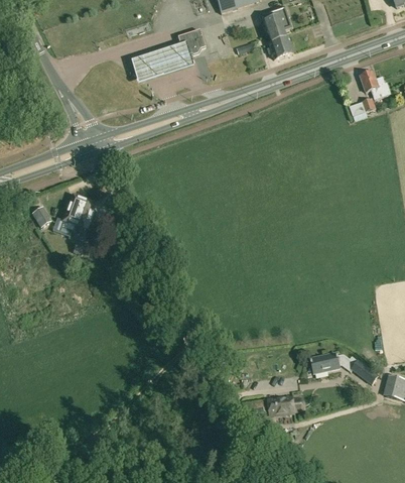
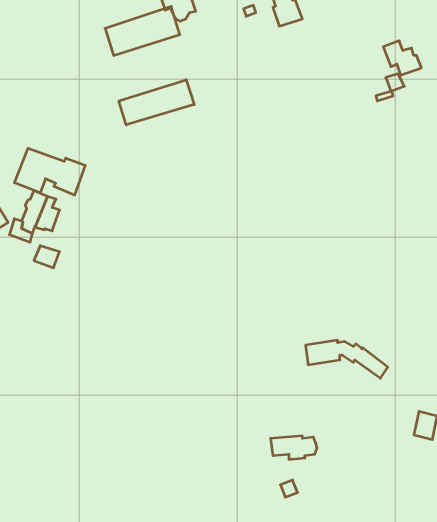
building: none -> [119,80,194,125]
building: none -> [14,148,85,195]
building: [310,353,378,384] -> [306,340,388,378]

